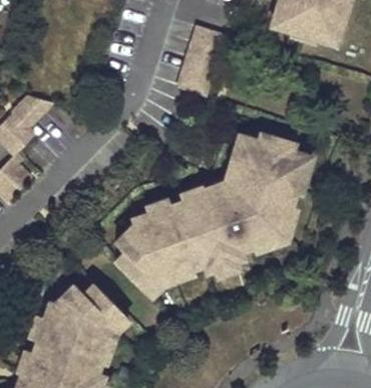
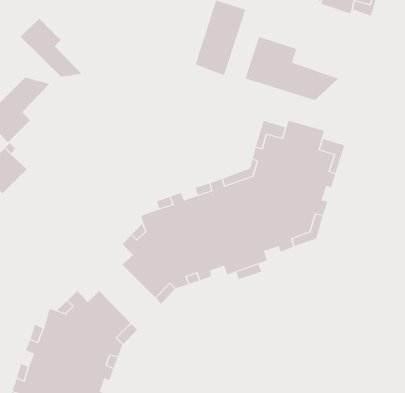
building: none -> [20,18,82,77]
building: none -> [245,36,339,101]

